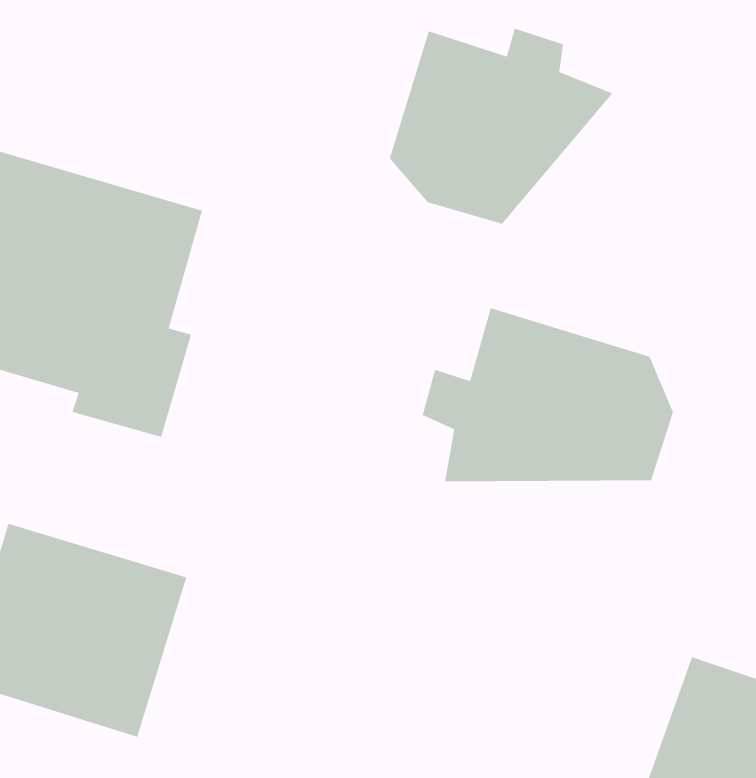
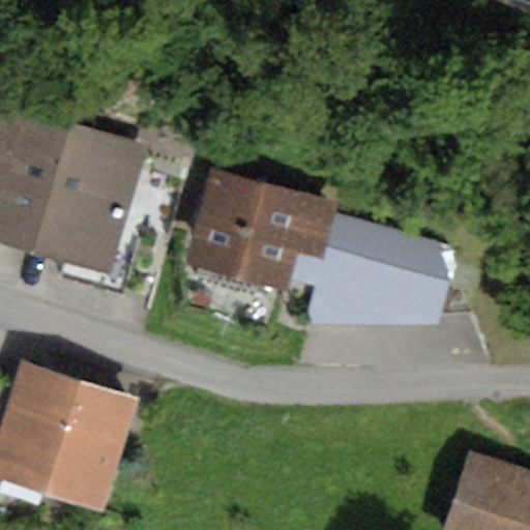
building: [389,28,613,225] -> none
building: none -> [185,171,335,295]

